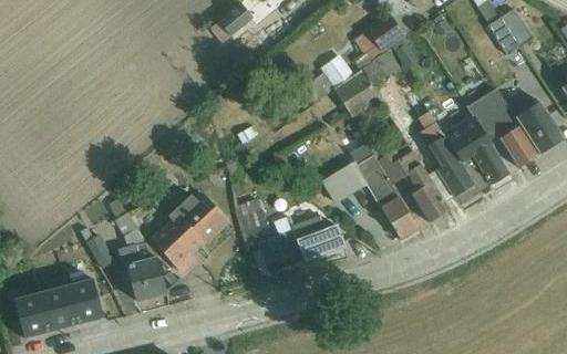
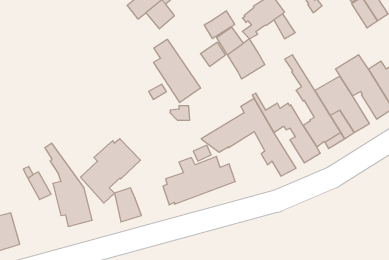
building: [362,51,400,85] -> [204,11,235,39]
building: none -> [154,39,201,103]
building: [238,198,271,240] -> [115,188,141,222]
building: [66,278,103,323] -> none

